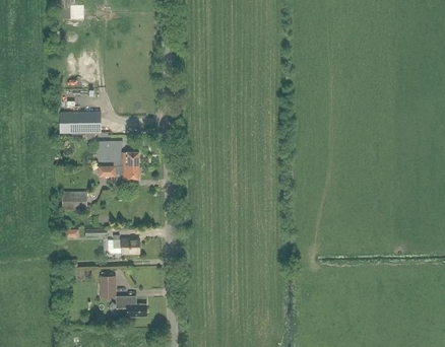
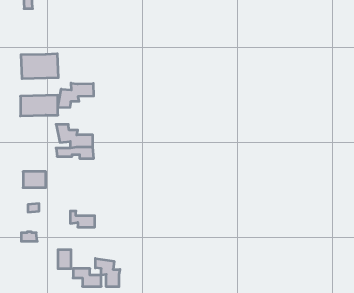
building: none -> [21,54,58,79]
building: none -> [58,83,94,108]
building: none -> [95,258,120,287]

